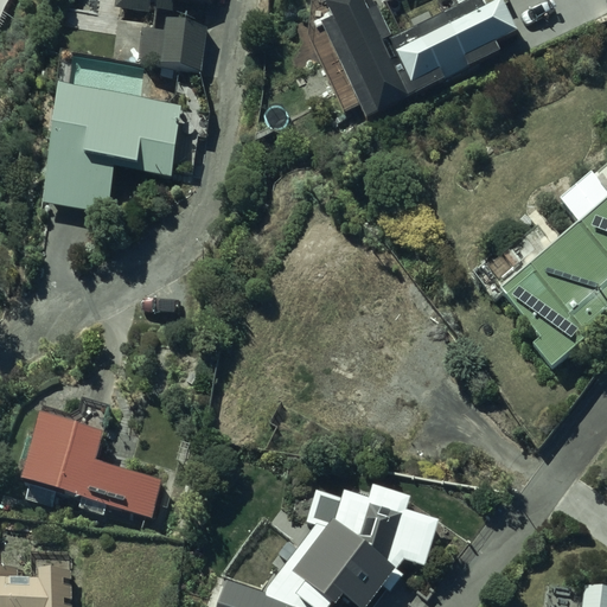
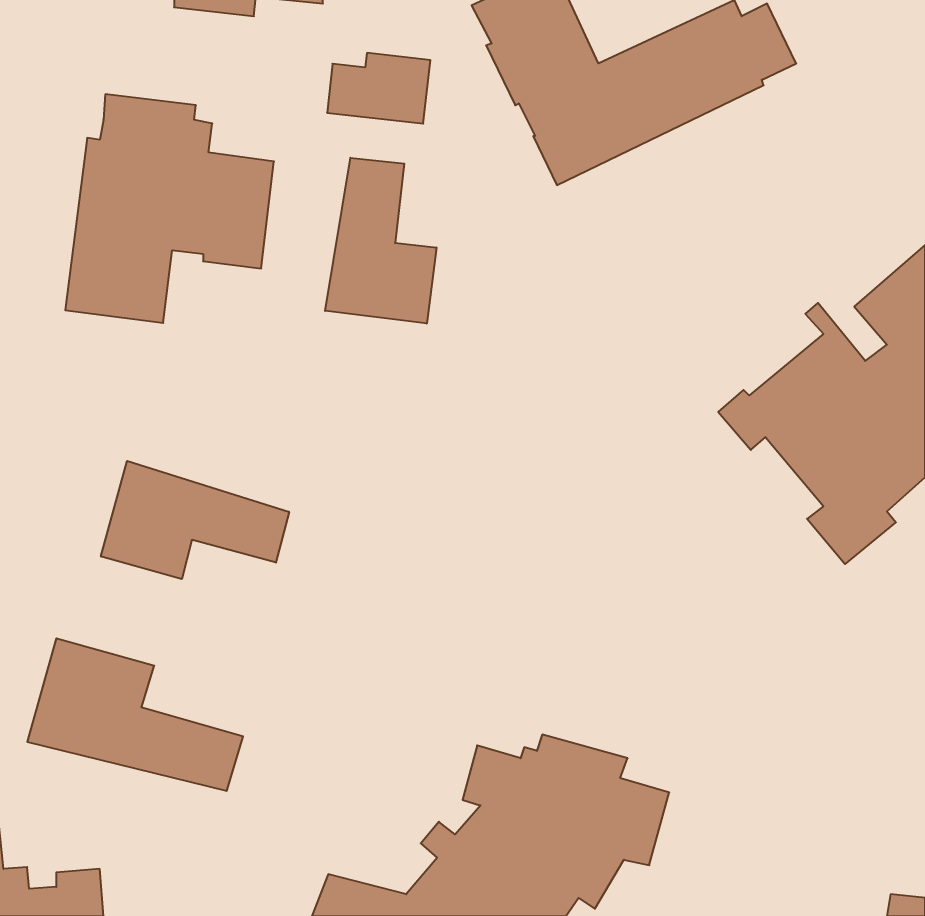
building: [138,24,205,70] -> [327,53,430,124]
building: none -> [325,158,436,324]
building: none -> [101,461,289,579]

